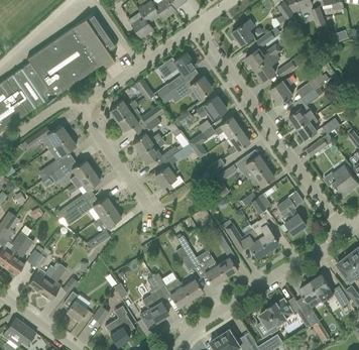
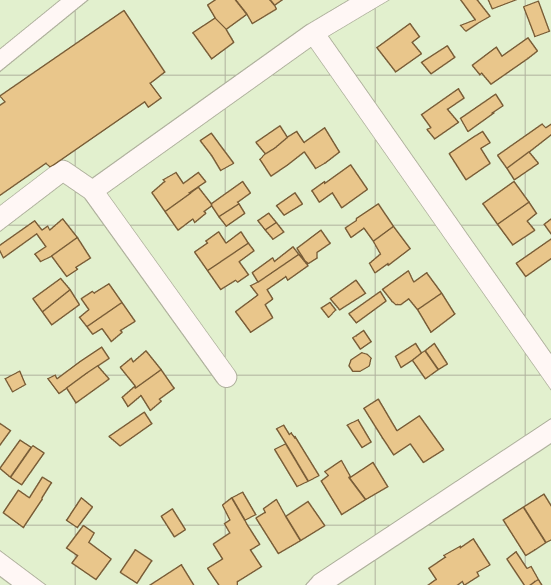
building: [245,43,280,69] -> [472,38,537,84]
building: [156,52,195,78] -> none
building: [276,198,306,234] -> none
building: [254,217,277,250] -> none
building: [39,263,67,301] -> none

